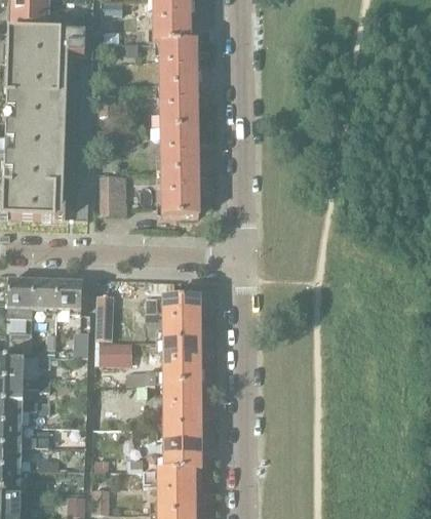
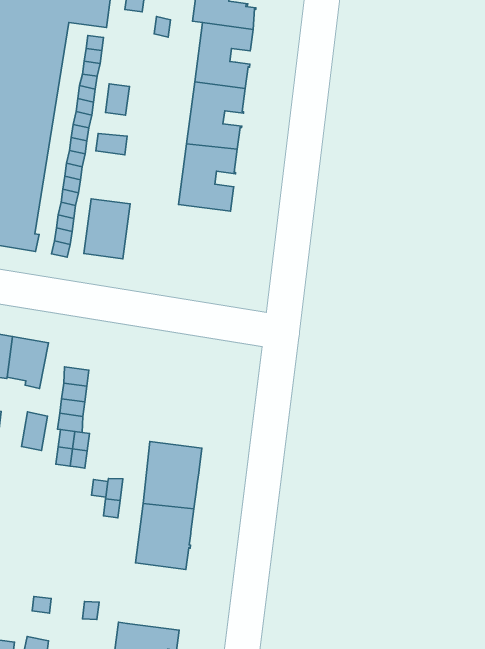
building: [161,172,199,216] -> none
building: [146,296,200,341] -> none
building: [164,427,201,470] -> none

